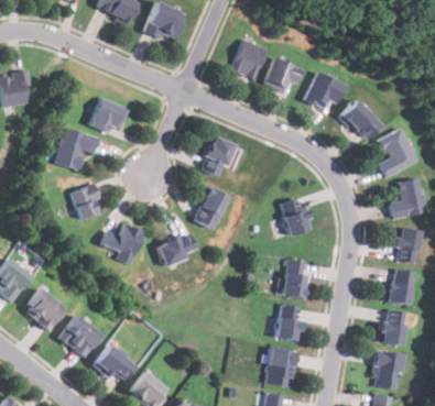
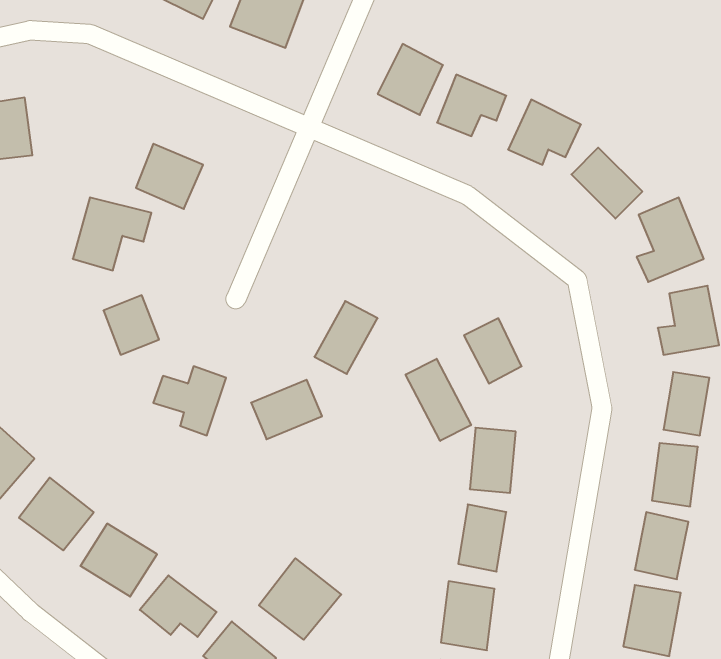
building: [199,135,233,177] -> none
building: none -> [406,359,471,441]
building: none -> [259,558,341,640]

